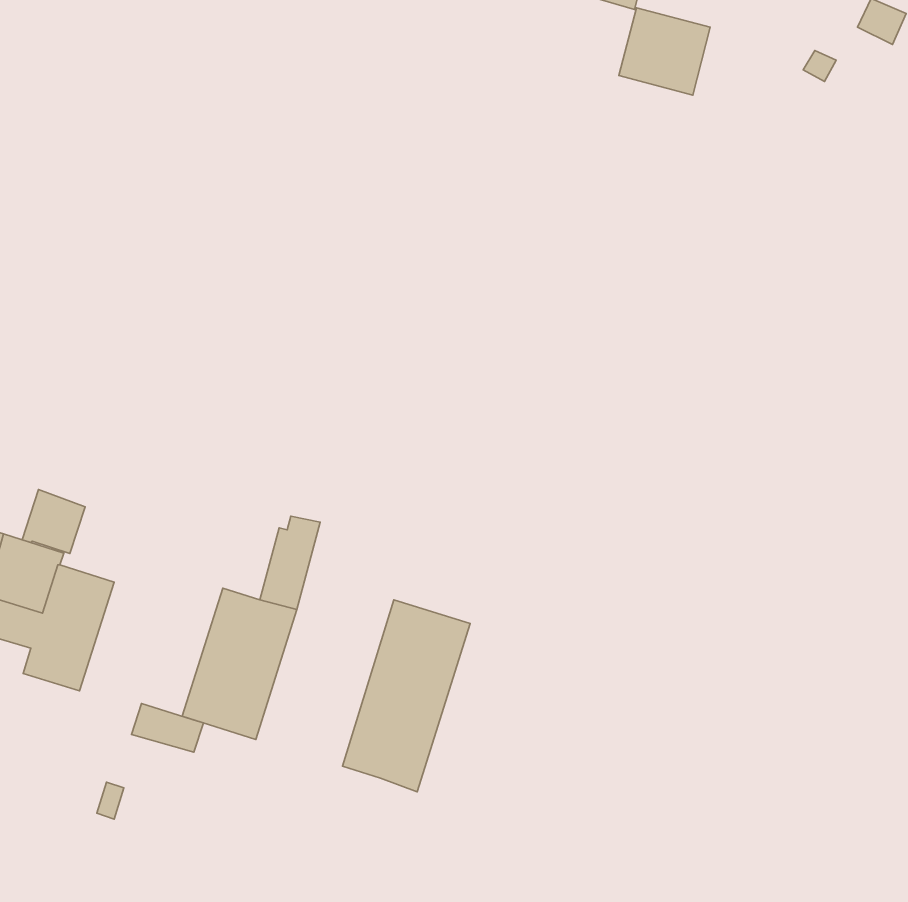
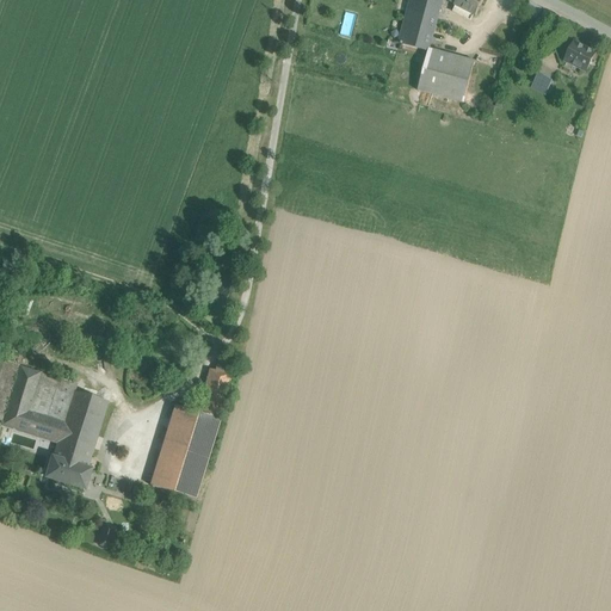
building: [22,490,85,553] -> none
building: [342,600,470,792] -> none
building: [132,704,203,752] -> [45,457,90,487]

